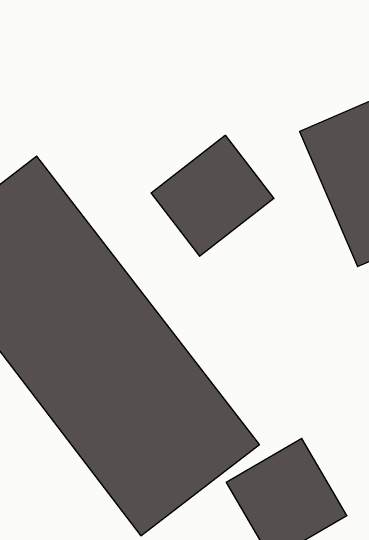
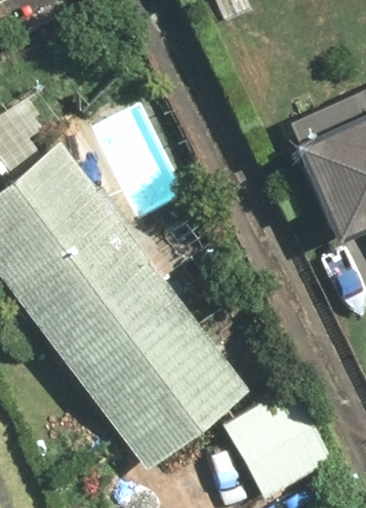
building: [151,135,274,256] -> none

